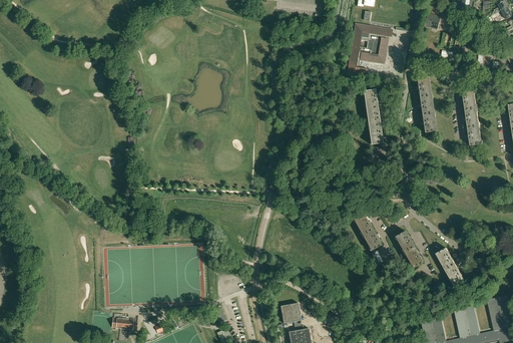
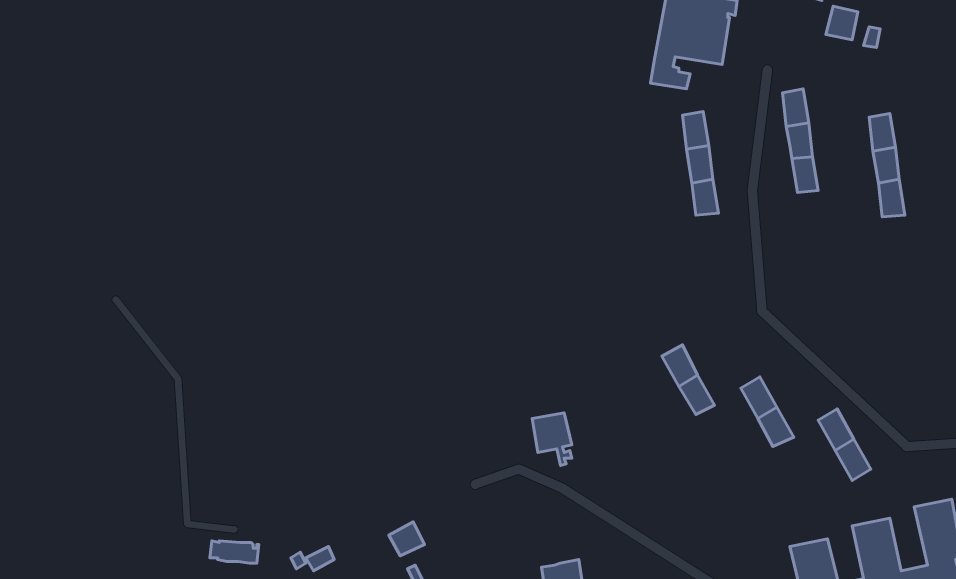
building: [281,303,302,331] -> [532,413,572,466]

